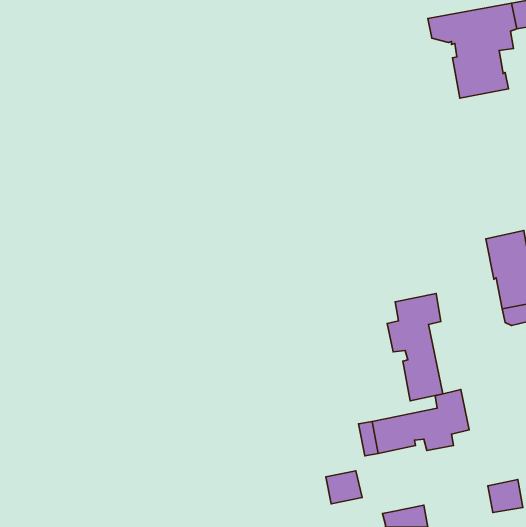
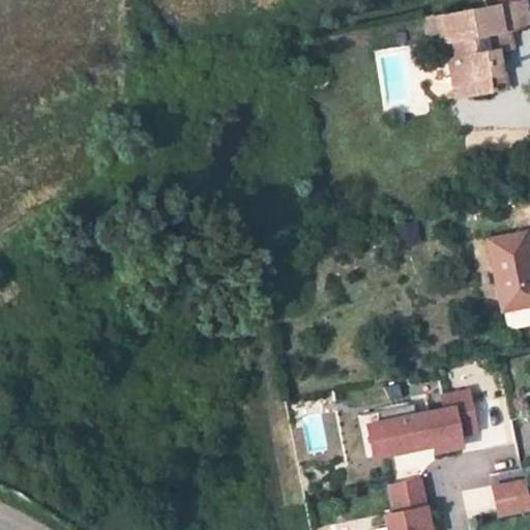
building: [387,293,443,401] -> none
building: [326,471,362,504] -> [390,479,426,512]

